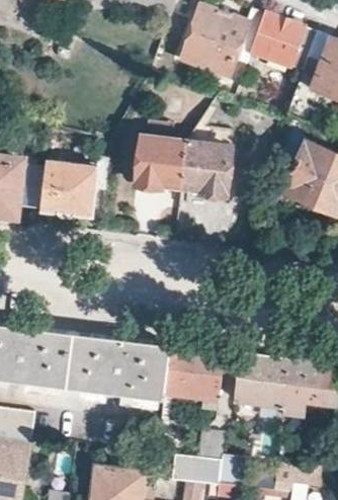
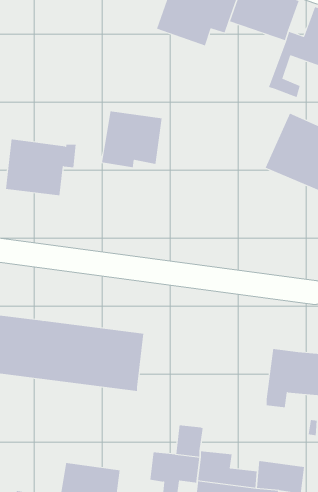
building: [180,144,236,200] -> none
building: [163,346,223,411] -> none
building: [233,354,289,408] -> none

